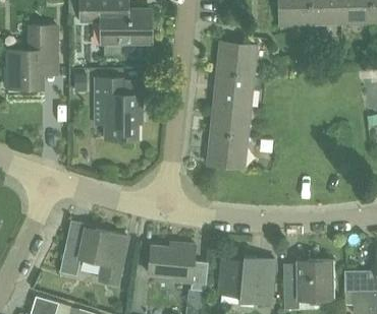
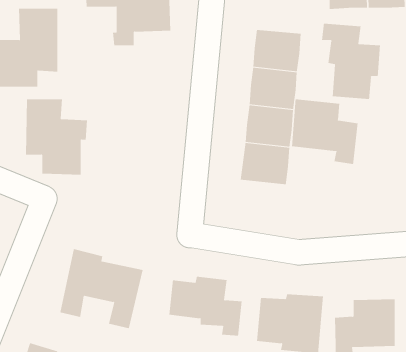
building: none -> [321,23,381,100]
building: [94,78,145,140] -> [25,99,88,175]
building: none -> [291,98,358,165]

